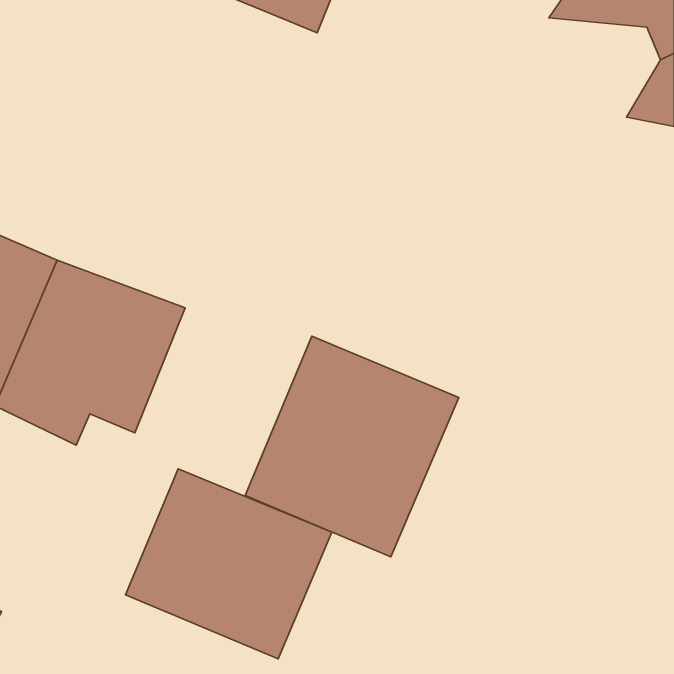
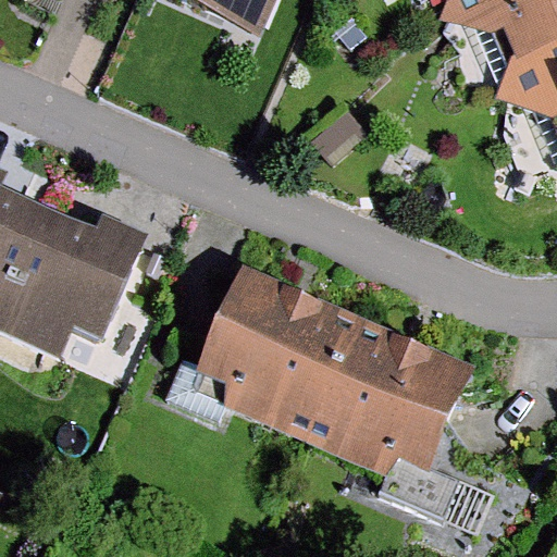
building: none -> [312,318,486,496]
building: [126,469,332,659] -> none

